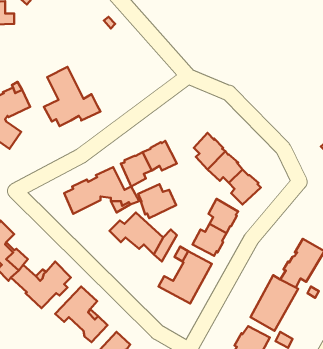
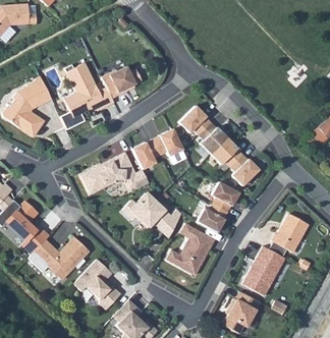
building: none -> [101,65,142,97]
building: none -> [178,106,210,134]
building: [138,184,176,218] -> none

